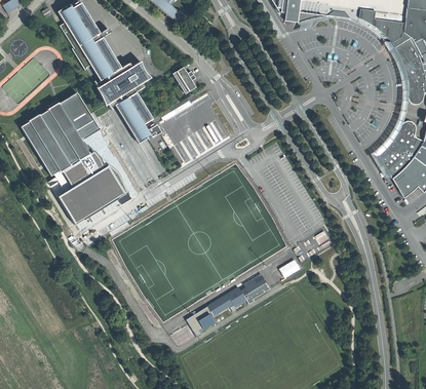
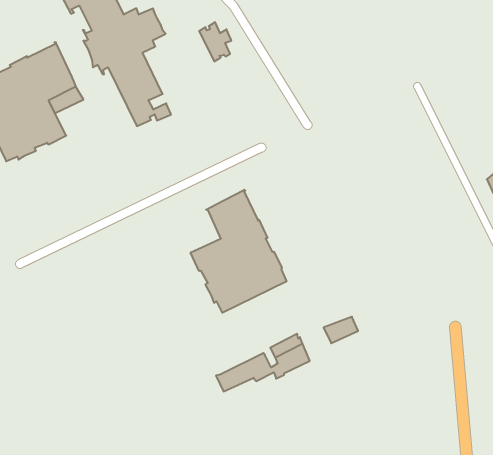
building: [60,151,129,223] -> none
building: none -> [191,190,286,313]

